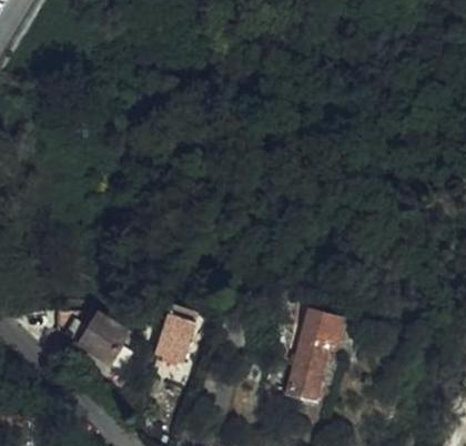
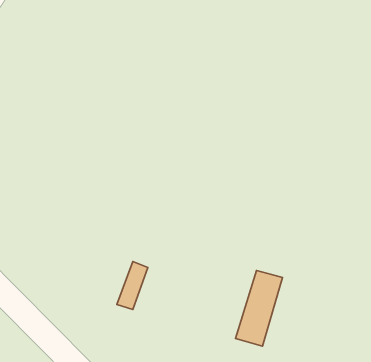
building: [75,314,131,368] -> none

